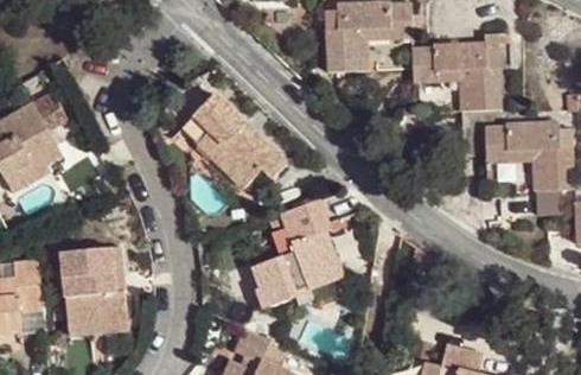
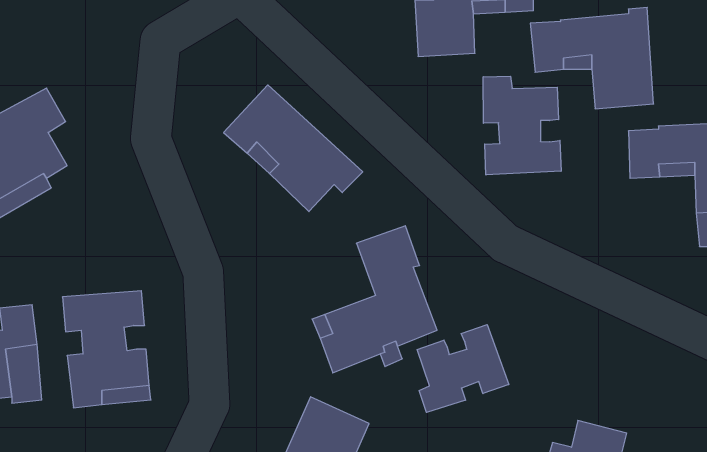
building: none -> [483,76,561,175]
building: none -> [417,325,509,412]

